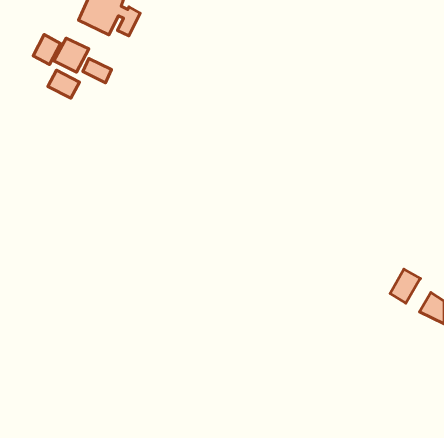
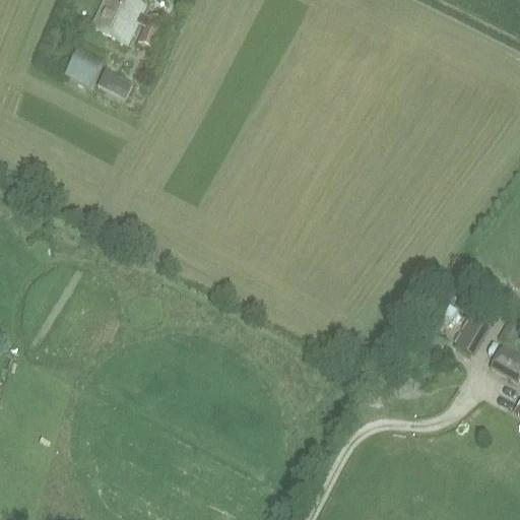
building: [33,35,60,65] -> none
building: [48,70,80,98] -> none

